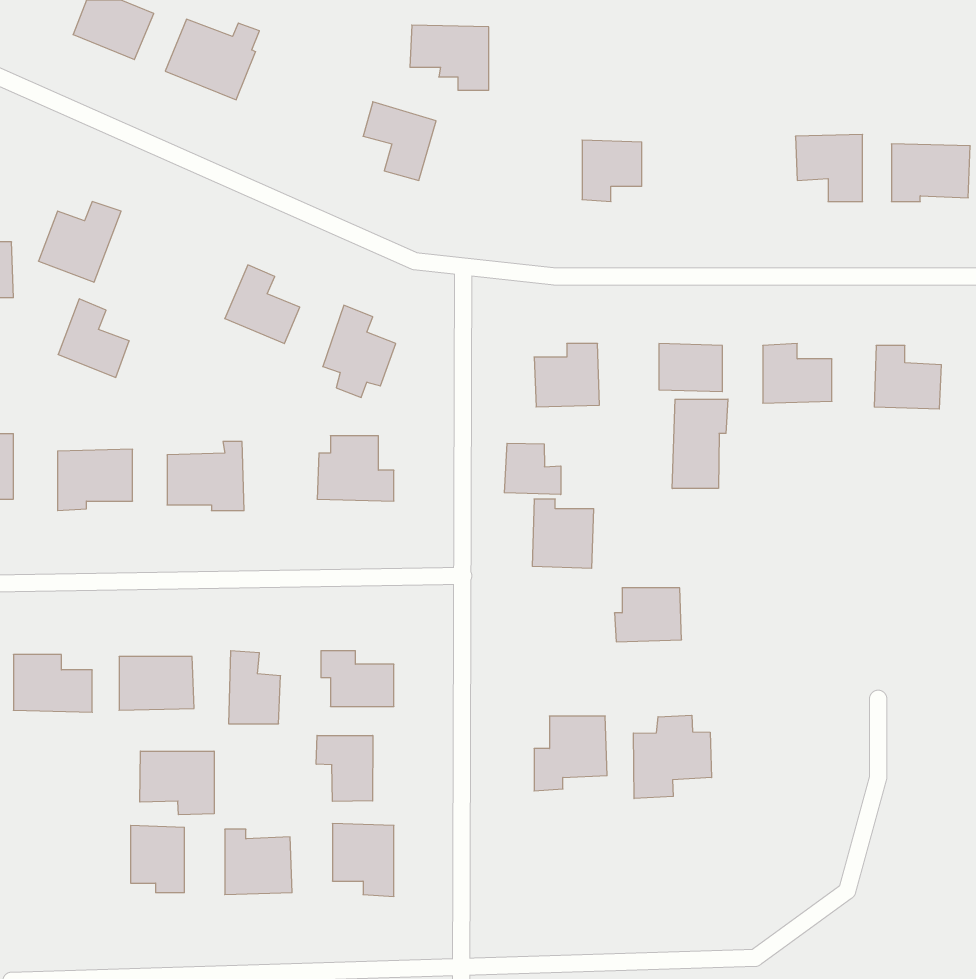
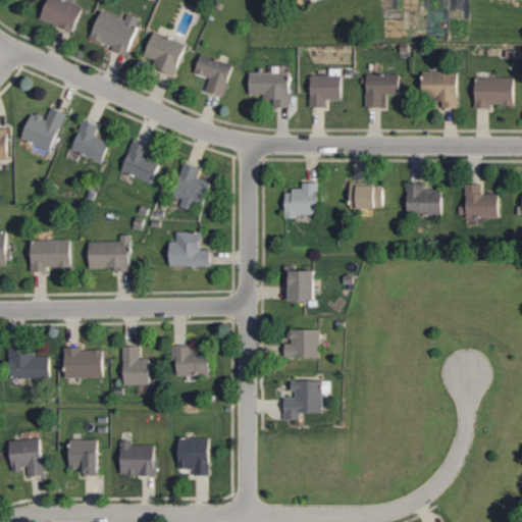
building: [410,25,489,90] -> [247,72,289,107]
building: none -> [142,33,185,75]
building: none -> [365,74,399,108]
building: [58,299,129,377] -> [70,120,108,162]
building: [672,399,728,489] -> none
building: [504,443,561,495] -> none
building: [614,588,682,642] -> [283,330,319,359]
building: [633,715,712,799] -> none
building: [316,735,373,801] -> none
building: [140,751,214,815] -> none
building: none -> [7,438,43,477]

